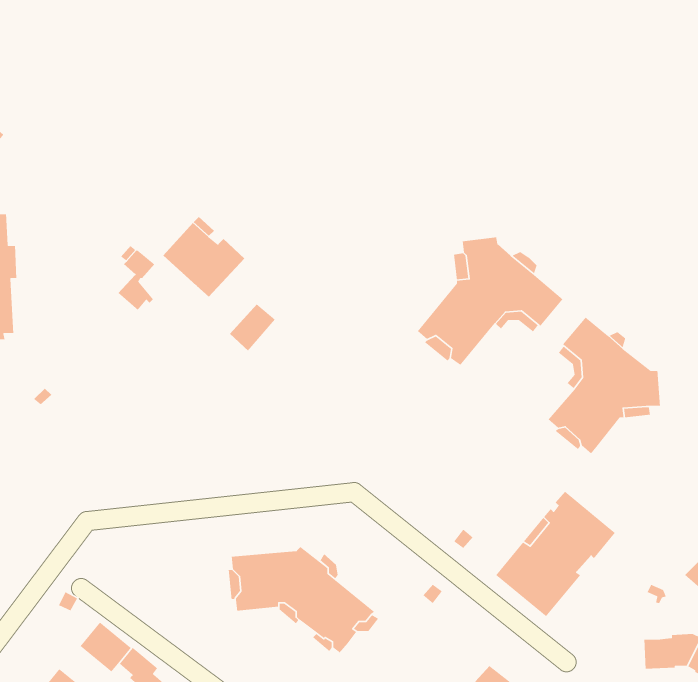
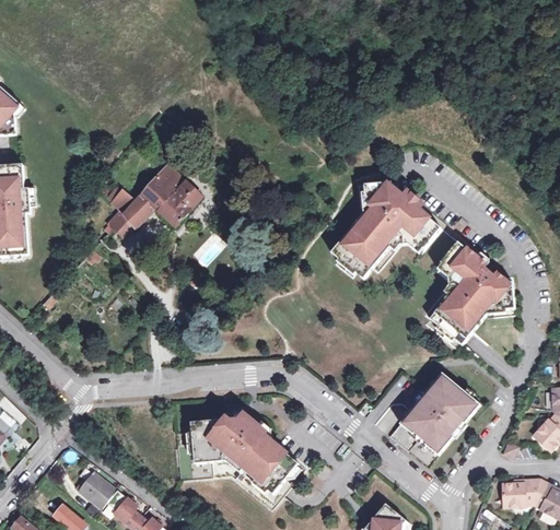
building: none -> [121,195,153,227]

